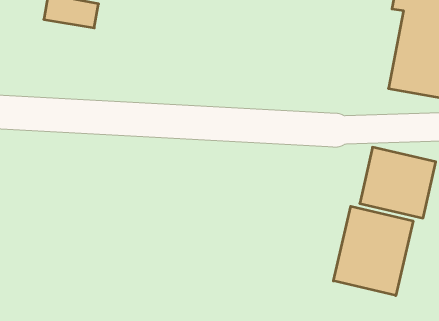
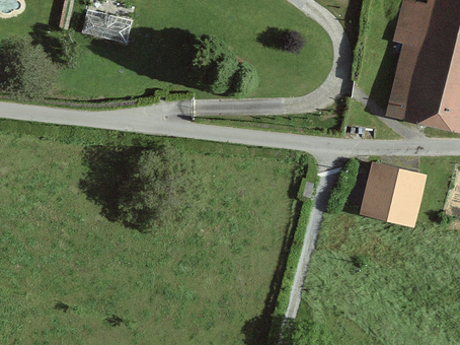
building: [333,206,413,296] -> none

